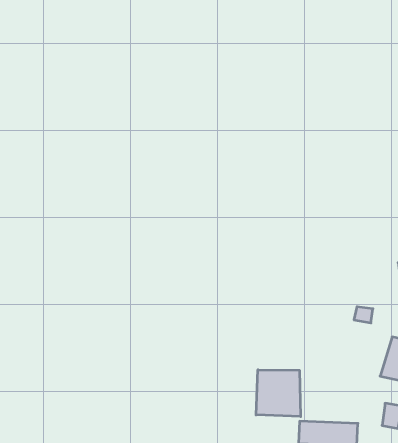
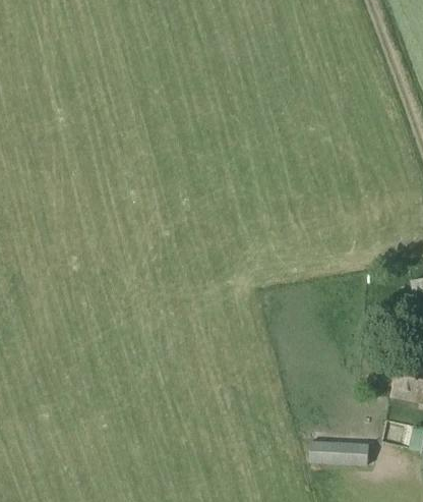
building: [256,370,301,417] -> none

